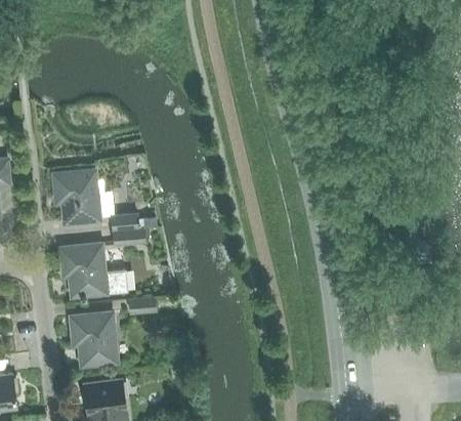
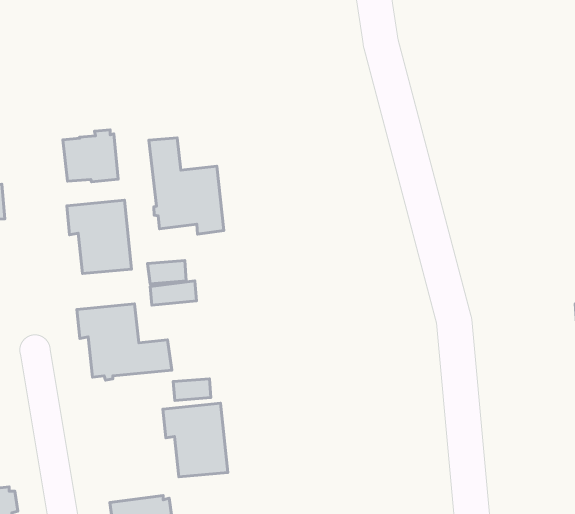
building: none -> [63,130,118,182]
building: none -> [149,138,224,234]
building: [71,312,117,365] -> [163,403,228,477]

